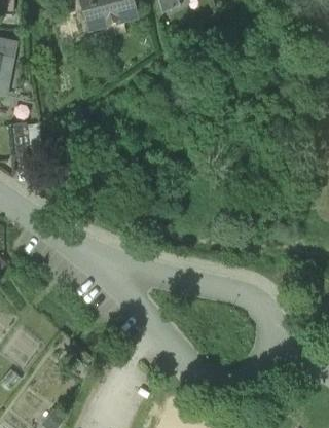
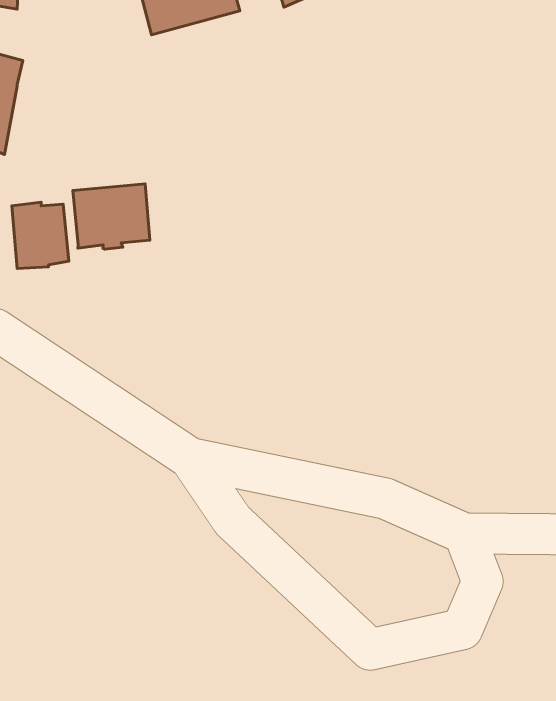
building: none -> [73,184,150,249]

